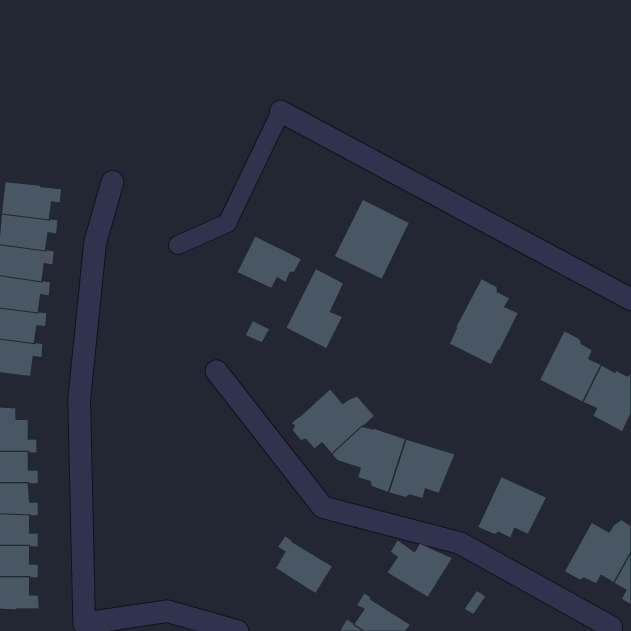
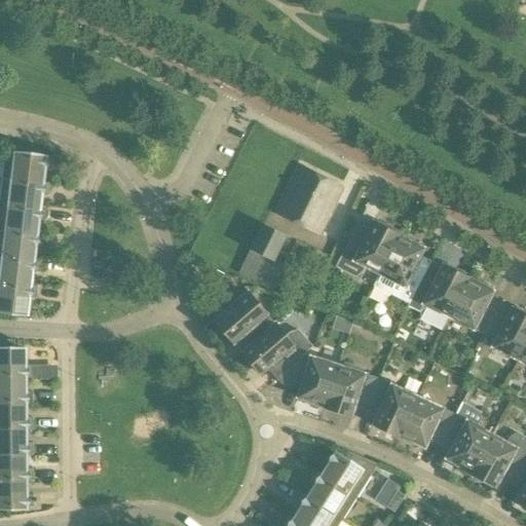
building: [237,236,301,289] -> none
building: none -> [335,221,400,275]
building: none -> [407,260,468,329]
building: none -> [215,292,274,346]
building: none -> [365,377,416,438]
building: none -> [439,402,491,475]
building: [275,536,333,594] -> [307,471,355,519]

